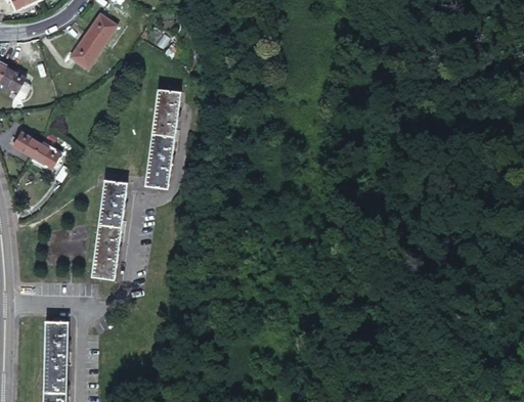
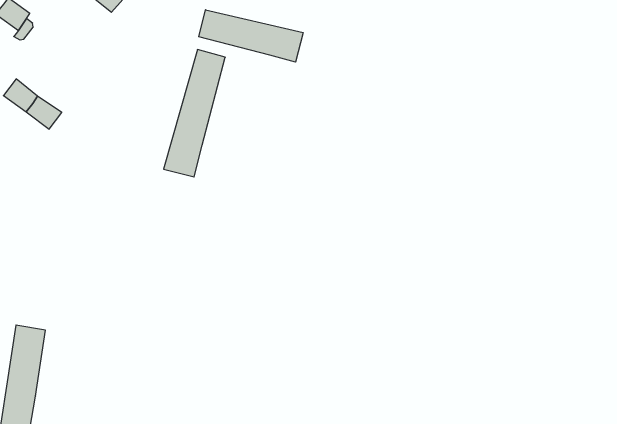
building: none -> [199,10,303,62]
building: [91,180,127,279] -> none

